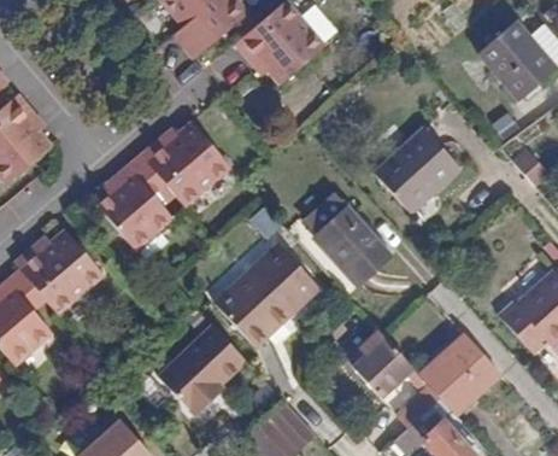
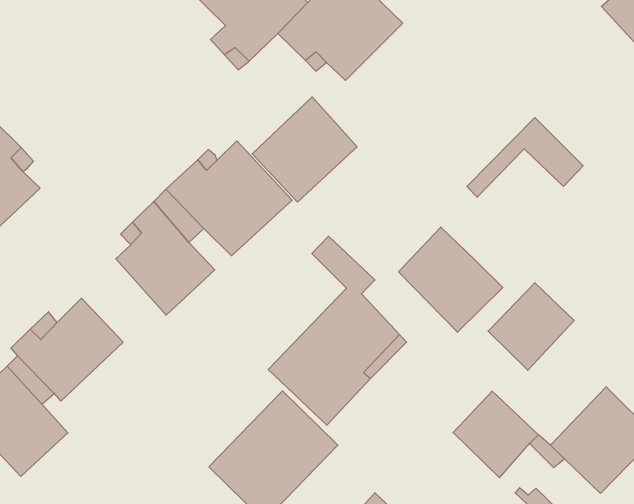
building: none -> [252,97,357,202]
building: [374,148,439,214] -> [488,283,574,370]

